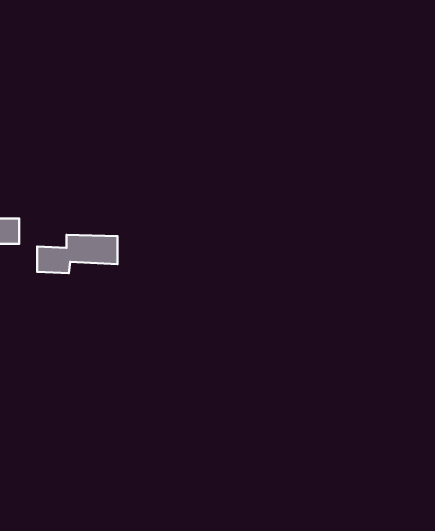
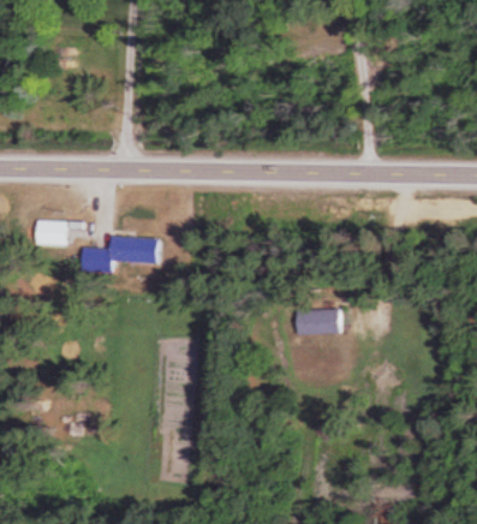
building: none -> [294,310,340,334]

